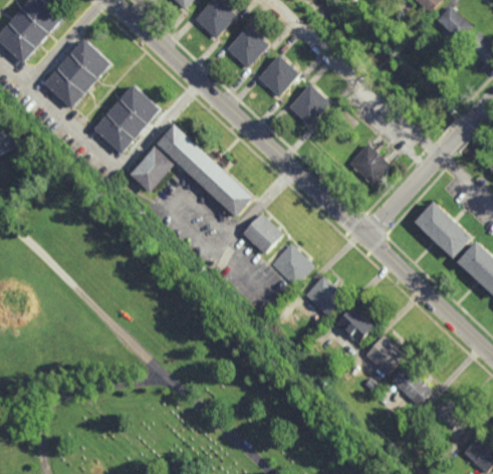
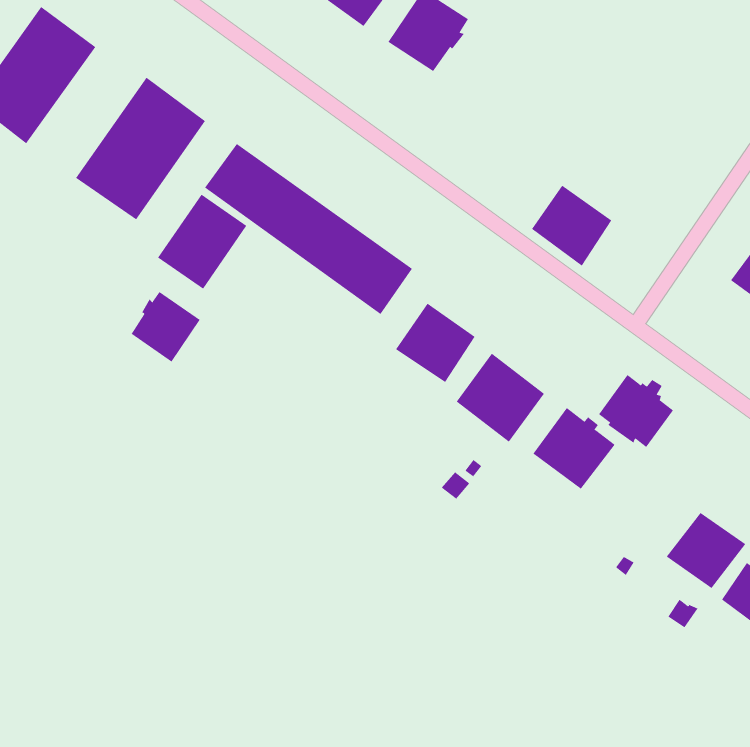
building: [287,83,331,128] -> none
building: [347,145,389,187] -> [531,185,612,266]
building: none -> [131,291,200,362]
building: [335,305,374,343] -> [598,374,674,448]

